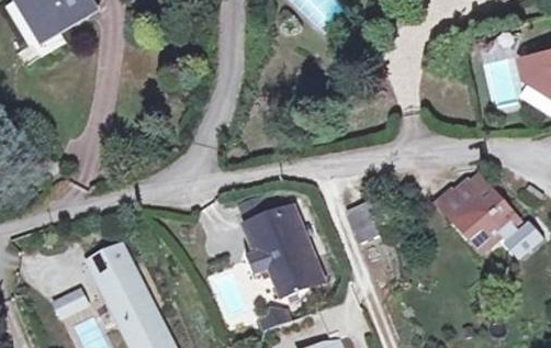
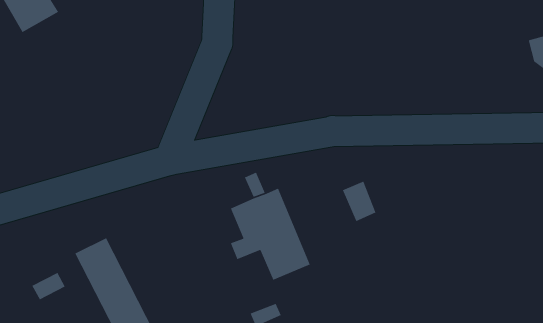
building: [430,171,530,267] -> none

